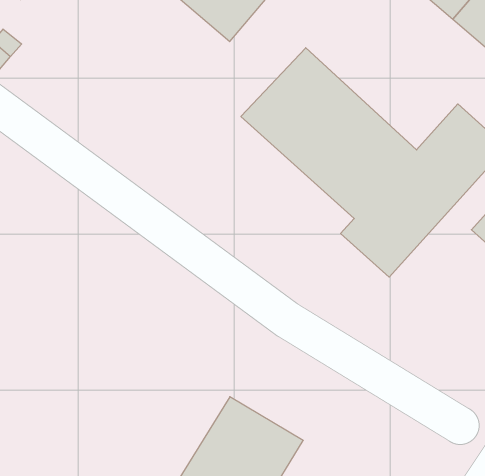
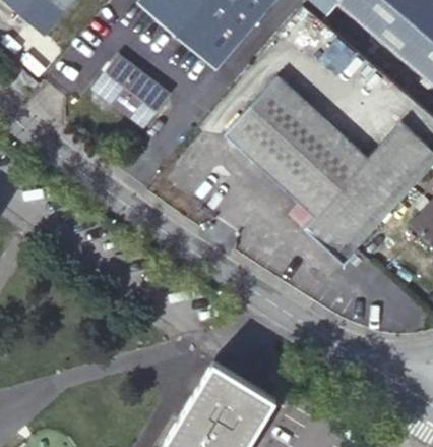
building: none -> [94,55,168,125]

